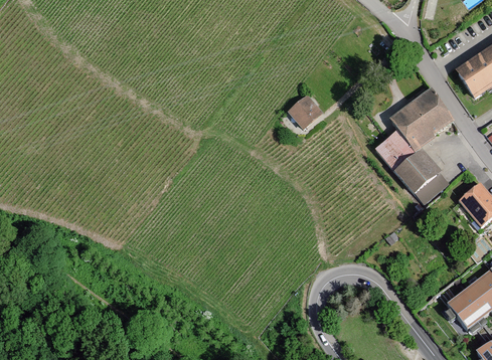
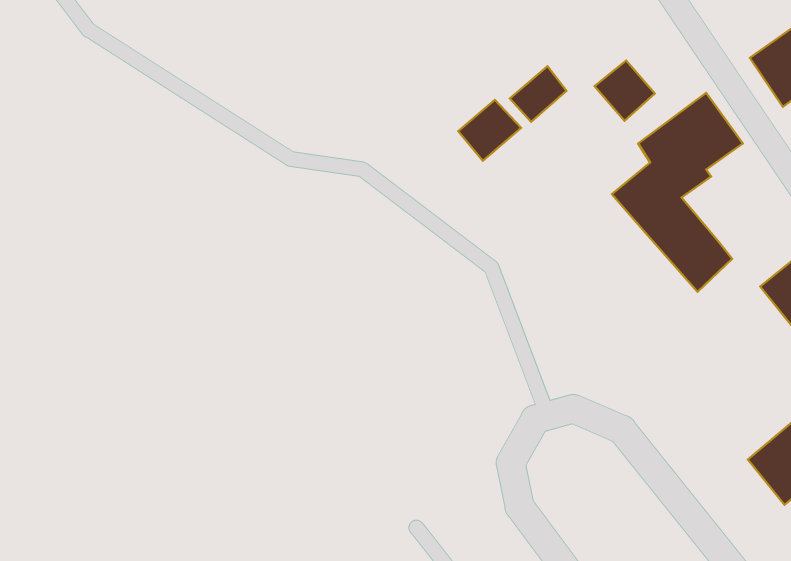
building: none -> [594,60,655,121]
building: none -> [510,66,567,122]

